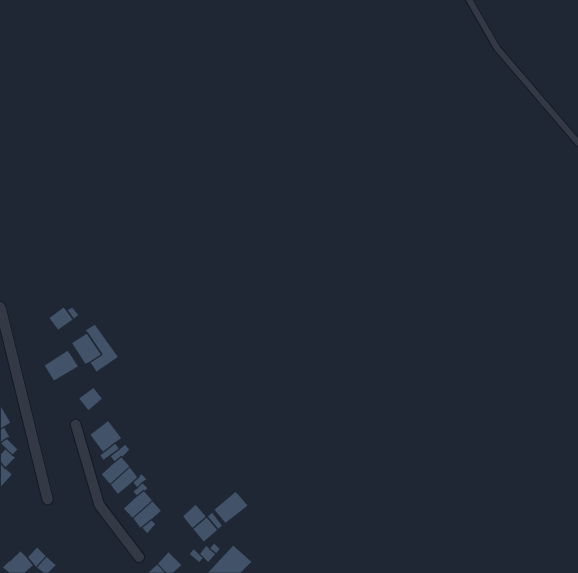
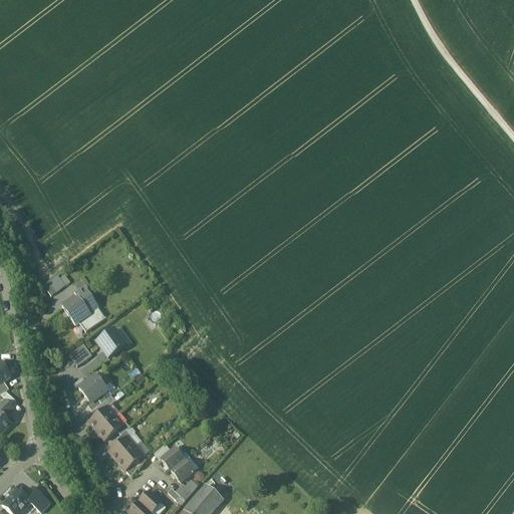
building: [44,350,79,381] -> none
building: none -> [97,326,127,356]
building: [214,491,248,524] -> none

